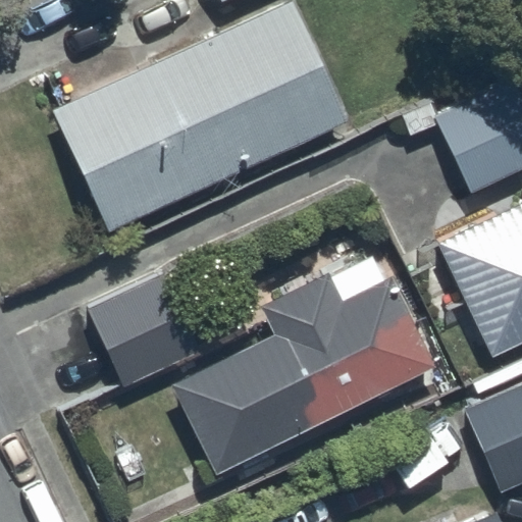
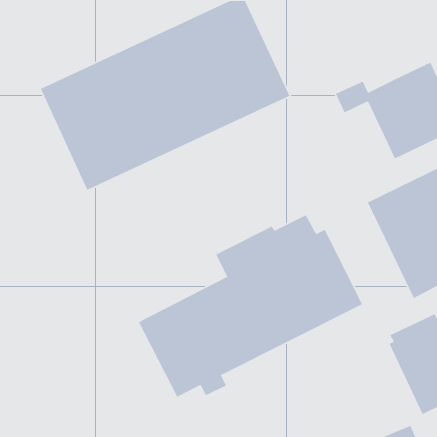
building: [88,271,204,387] -> none

